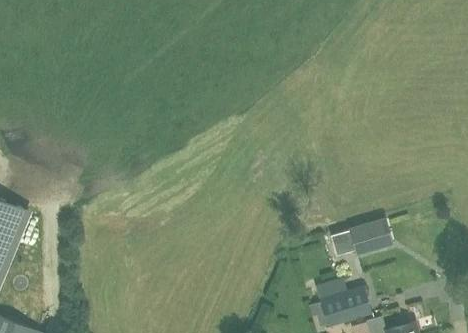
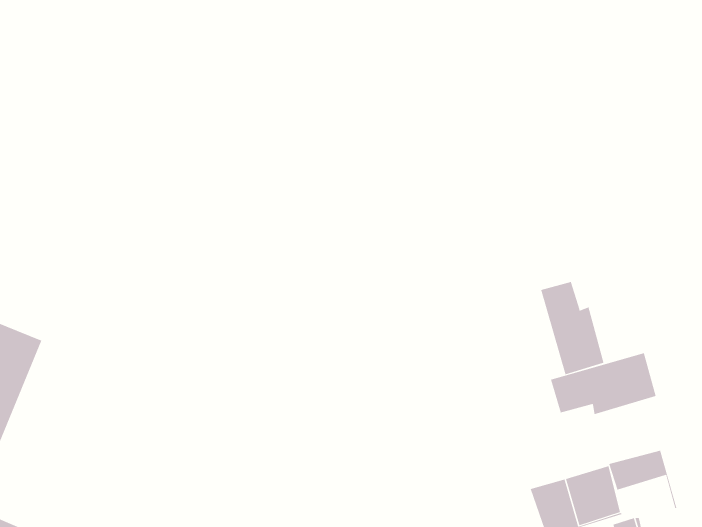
building: none -> [541,281,604,375]
building: none -> [609,450,677,509]

